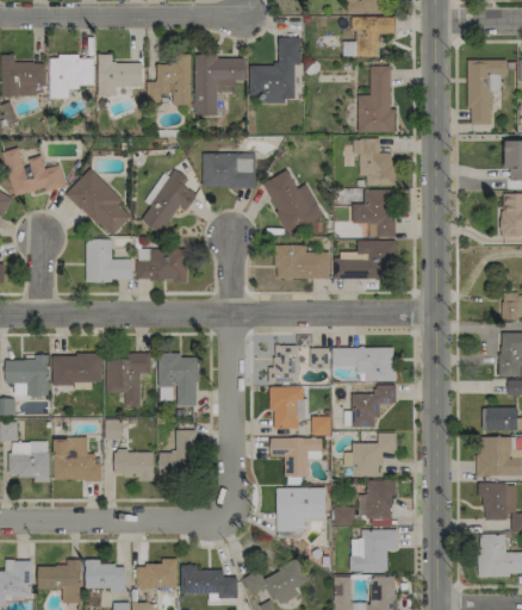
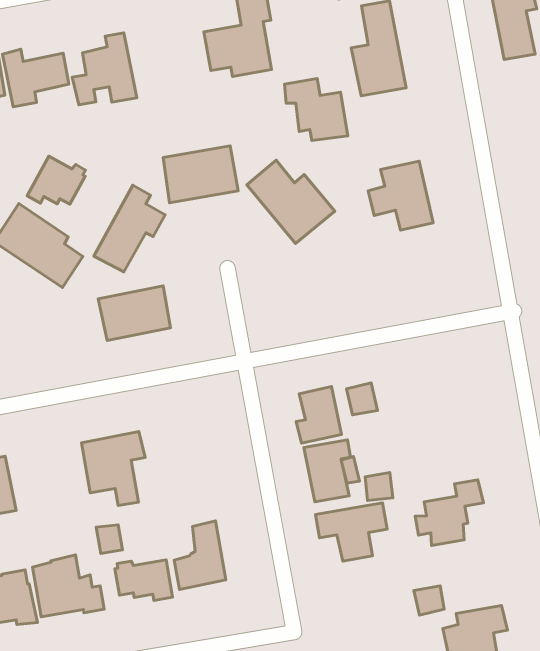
building: [194,56,247,116] -> none
building: none -> [27,156,86,204]
building: [353,139,394,186] -> [284,78,348,140]
building: [86,239,133,282] -> none
building: [335,241,396,280] -> none
building: [275,245,330,280] -> none
building: [333,348,394,381] -> none
building: [159,354,199,406] -> none
building: [52,355,102,385] -> none
building: [352,386,397,428] -> none
building: [359,480,398,518] -> none
building: [278,488,327,533] -> none

